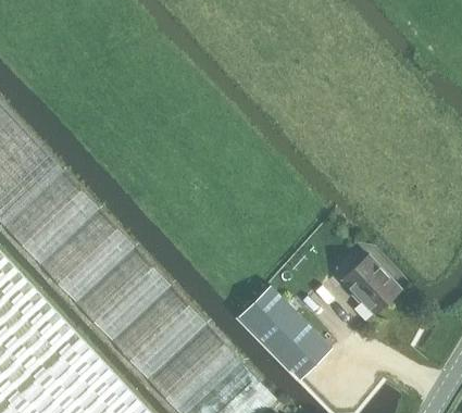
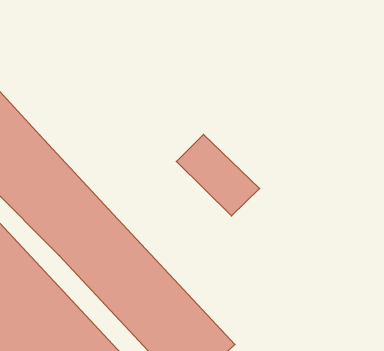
building: [341,253,399,312] -> none
building: [241,286,335,377] -> [177,135,259,216]

